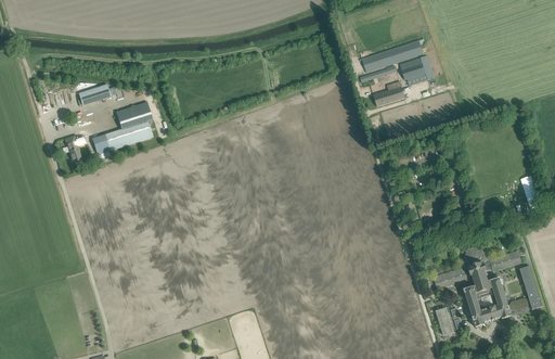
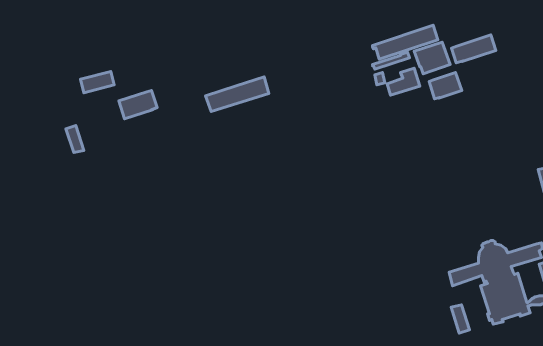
building: none -> [452,35,496,63]
building: none -> [429,72,462,99]
building: [92,120,153,154] -> [206,77,269,112]

